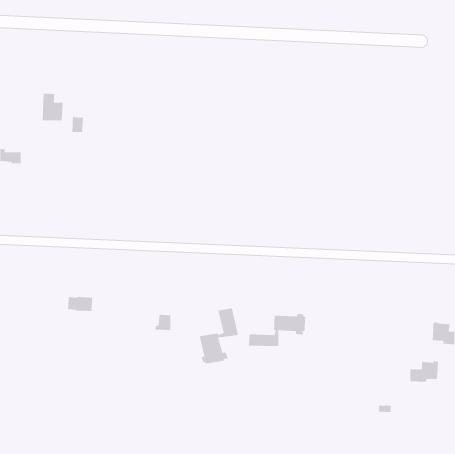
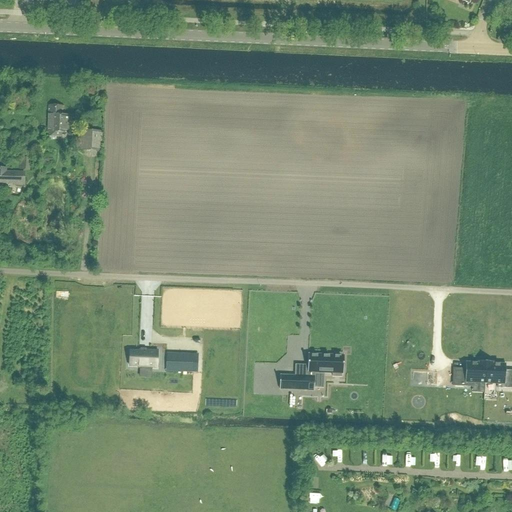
building: [67,296,93,312] -> [128,349,157,367]
building: [199,307,239,365] -> none
building: [409,360,439,383] -> [452,360,485,385]

